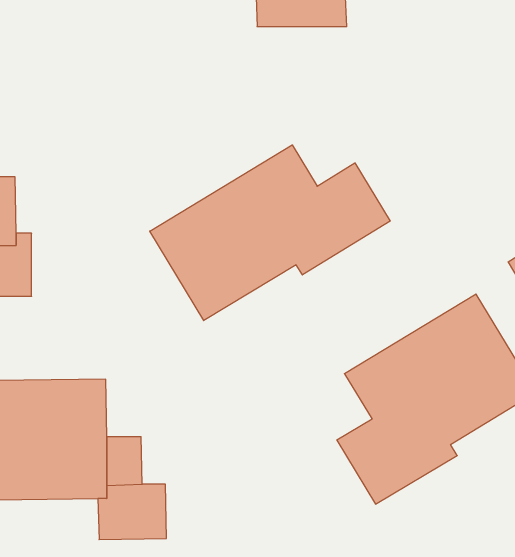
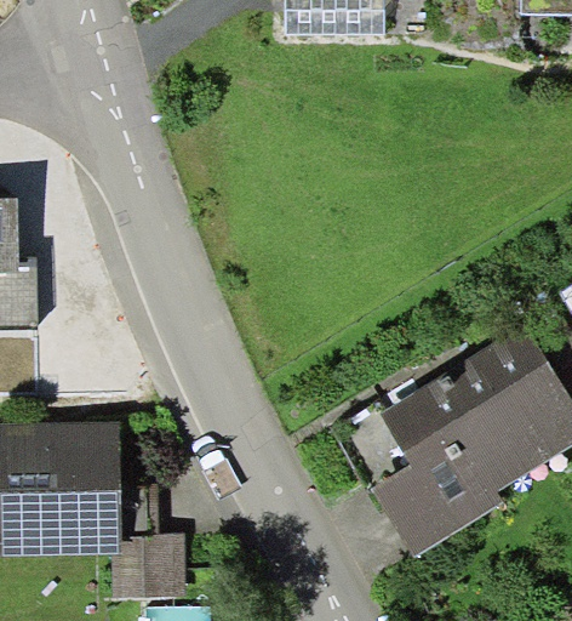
building: [150,145,390,321] -> none

